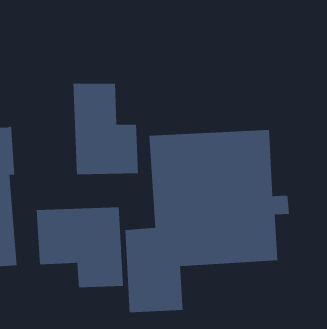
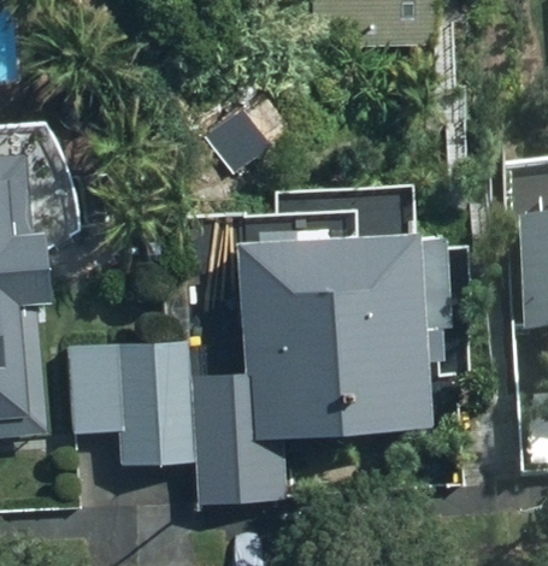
building: [73,83,139,175] -> none

